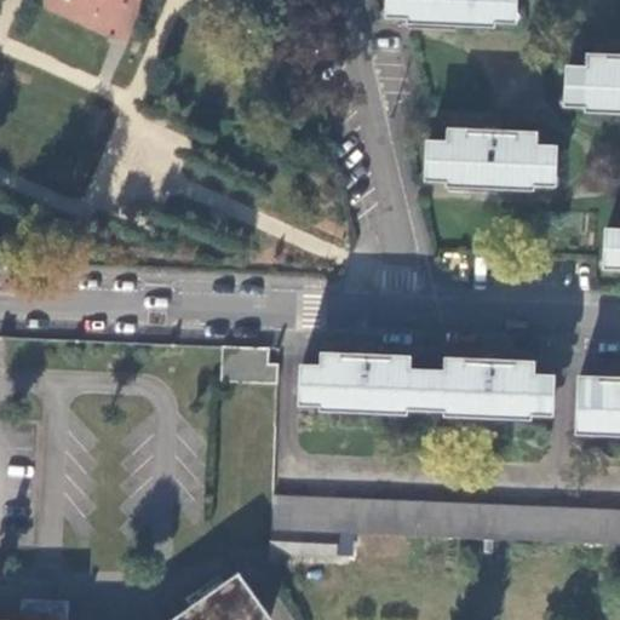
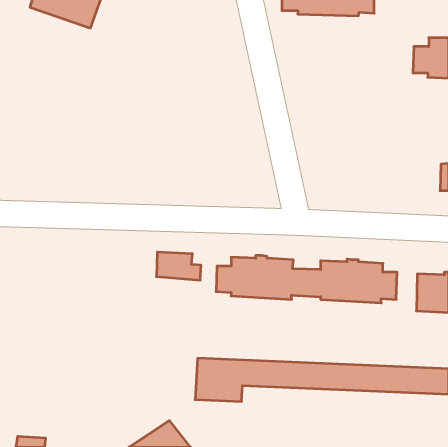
building: [430,126,558,186] -> none

